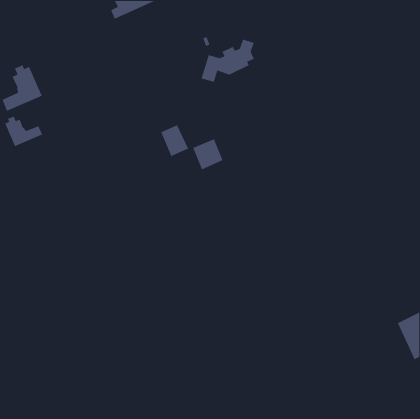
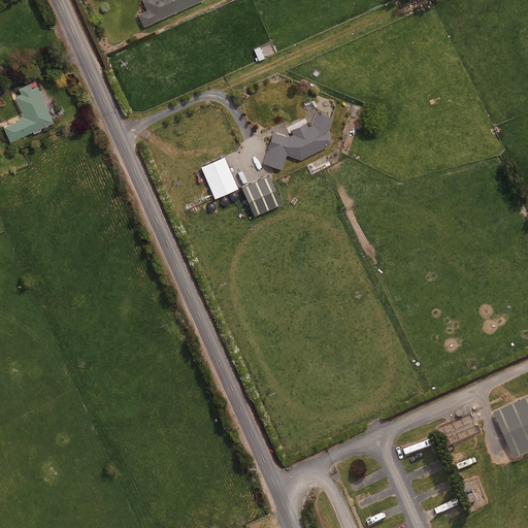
building: [201,38,255,83] -> [264,113,332,169]
building: [4,115,43,147] -> none

